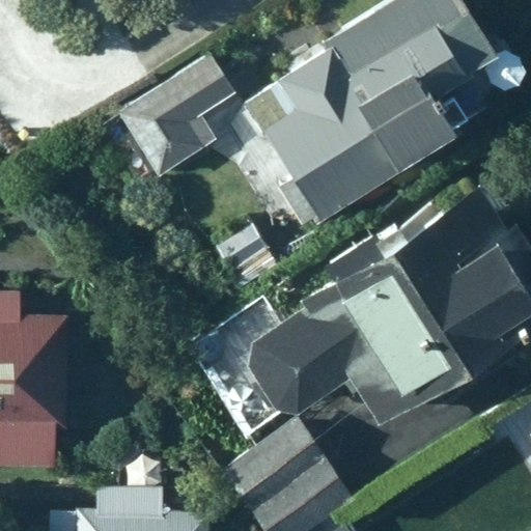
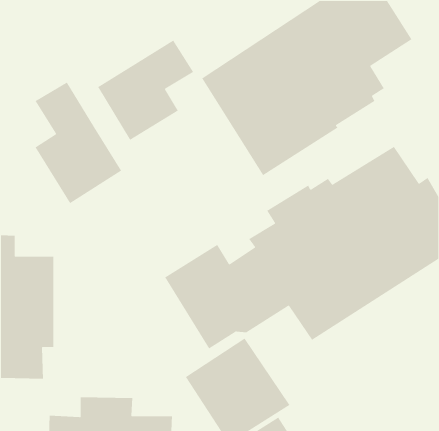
building: none -> [34,81,122,204]

